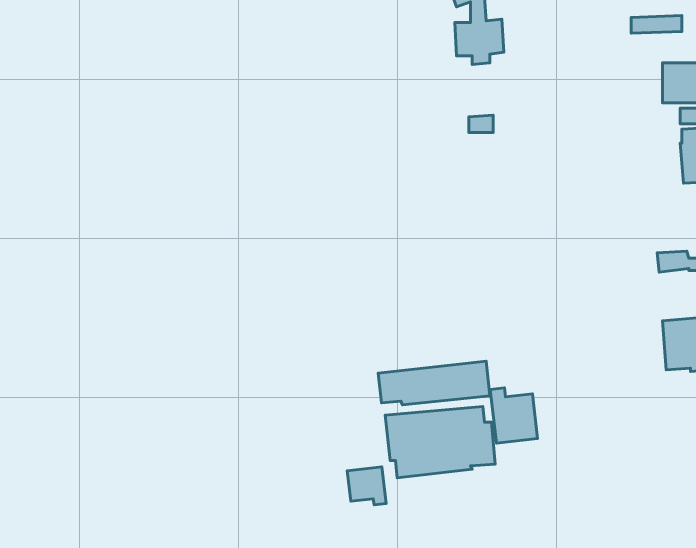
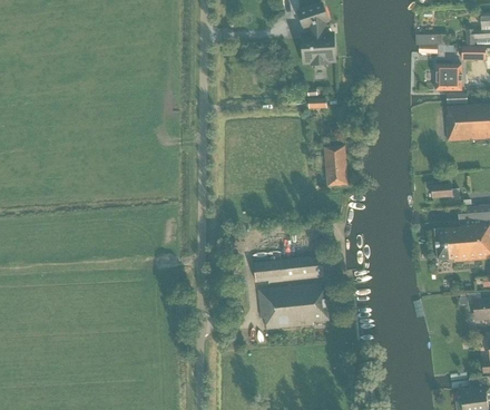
building: none -> [324,147,346,186]
building: [490,388,538,443] -> none
building: [347,467,386,505] -> none

